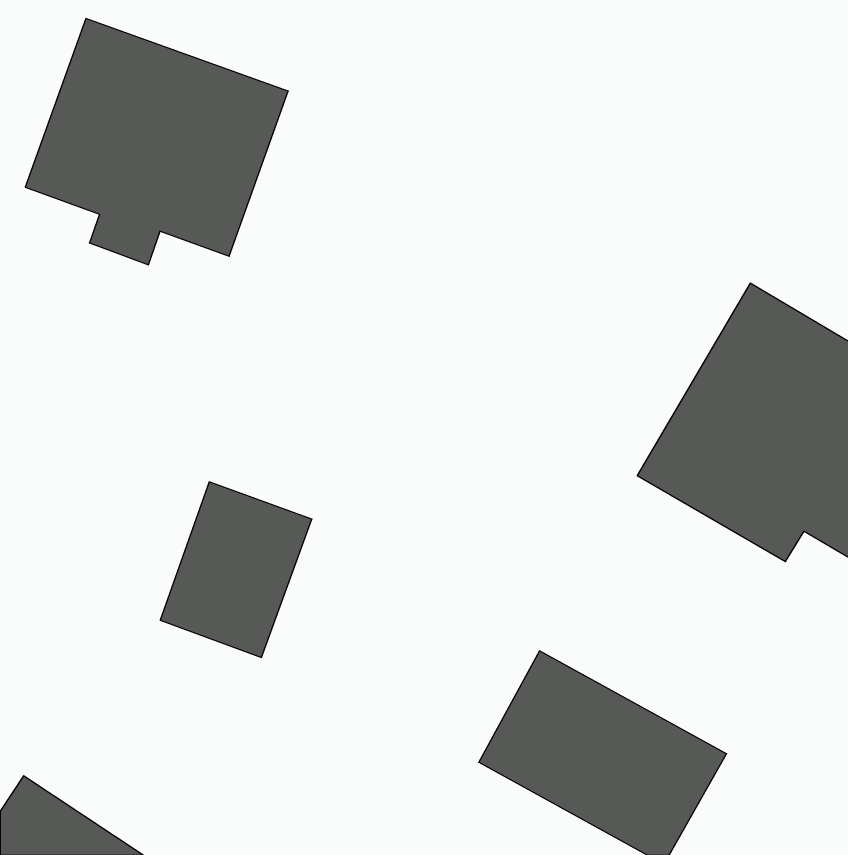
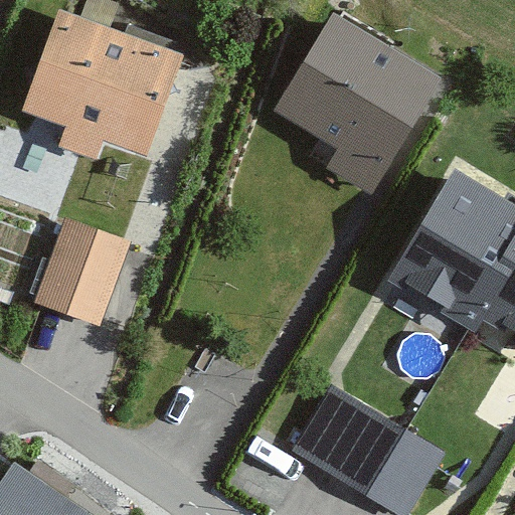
building: none -> [274,19,434,194]
building: [160,482,312,657] -> [36,218,127,323]

